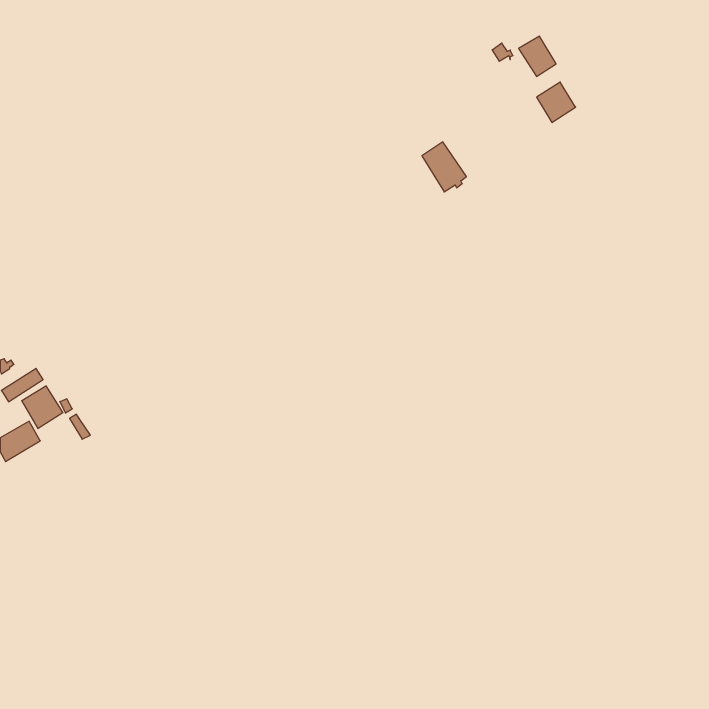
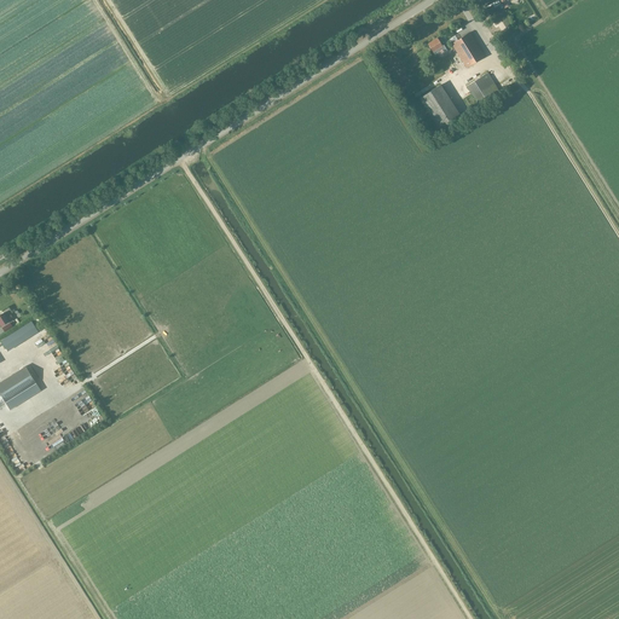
building: [422,142,466,192] -> [422,85,461,128]
building: [22,386,63,429] -> none

